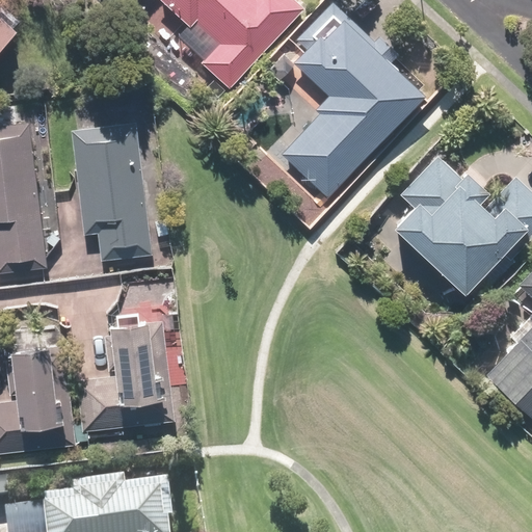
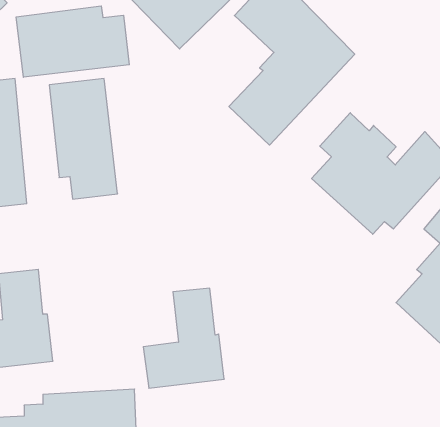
building: none -> [16,6,129,77]
building: [80,314,174,429] -> [143,288,224,388]

